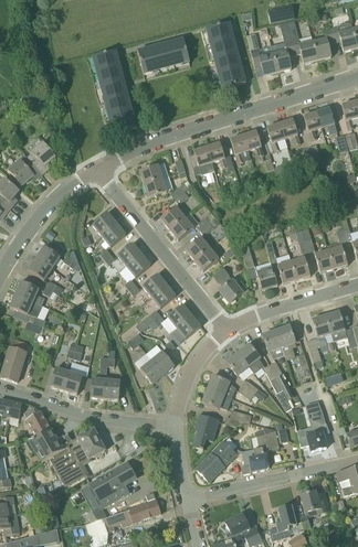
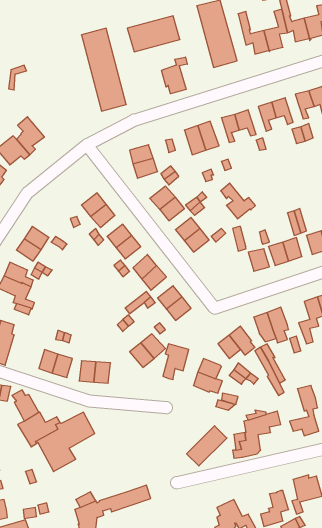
building: none -> [162,57,187,94]
building: [213,267,248,302] -> [221,183,255,219]
building: [193,414,219,449] -> [163,344,189,380]
building: [90,463,135,506] -> none

